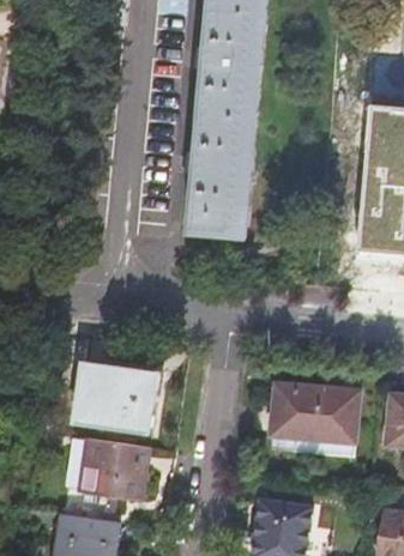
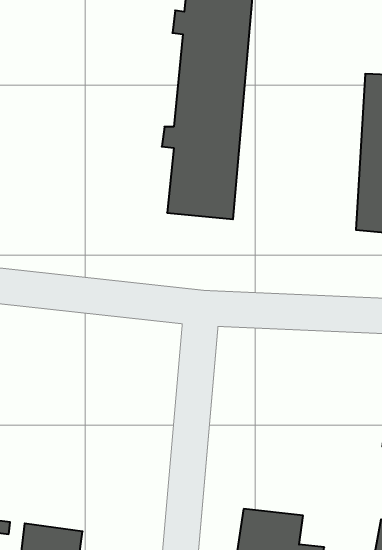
building: [72,367,152,433] -> none
building: [269,385,356,442] -> none
building: [77,440,146,500] -> none

